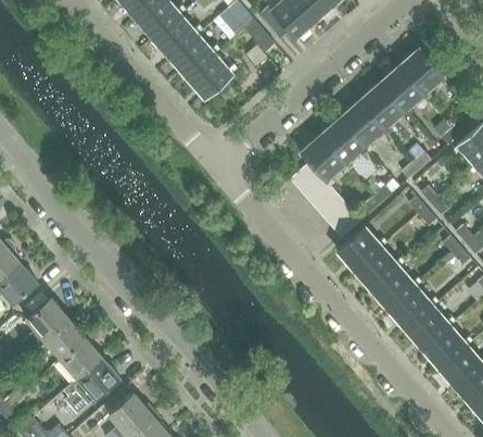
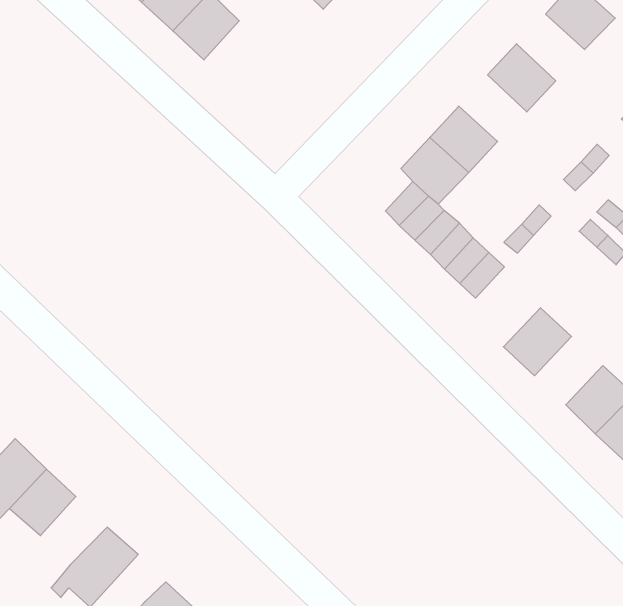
building: [189,54,230,97] -> none
building: [381,68,422,110] -> none
building: [342,102,383,143] -> none
building: [338,227,380,270] -> none
building: [372,267,415,309] -> none
building: [61,336,102,377] -> none

